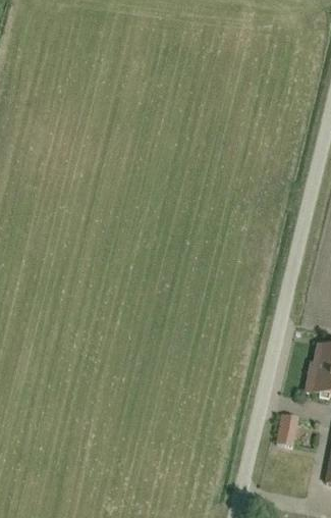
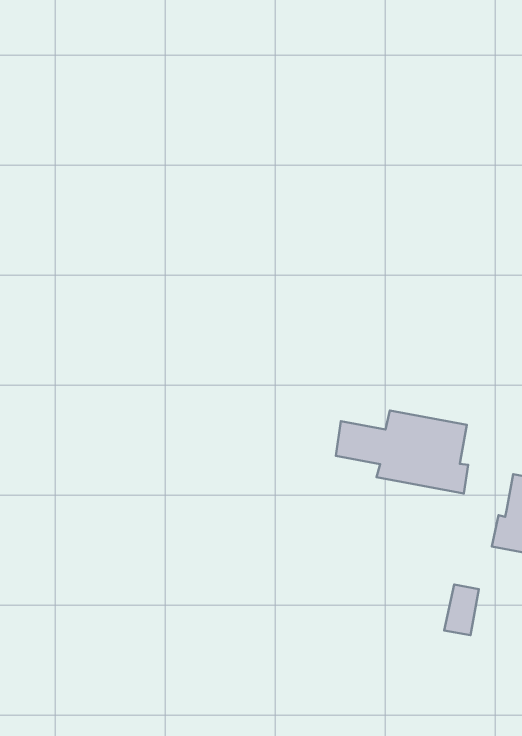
building: none -> [336,410,468,494]

